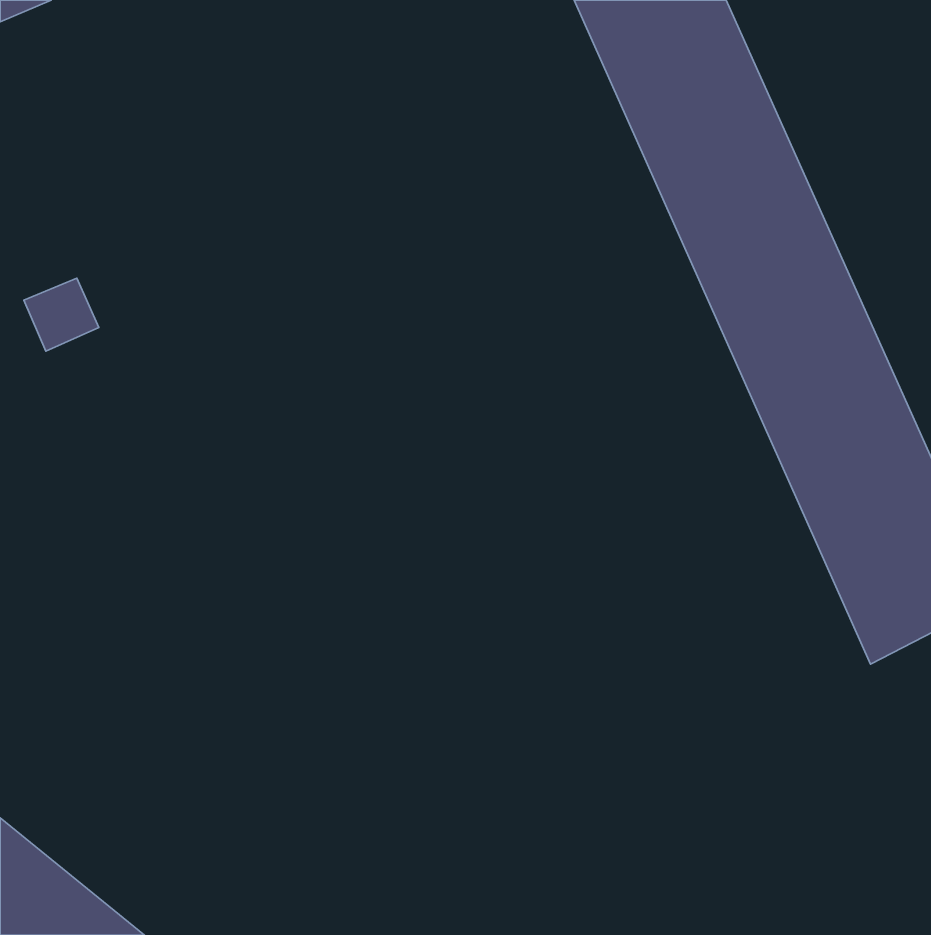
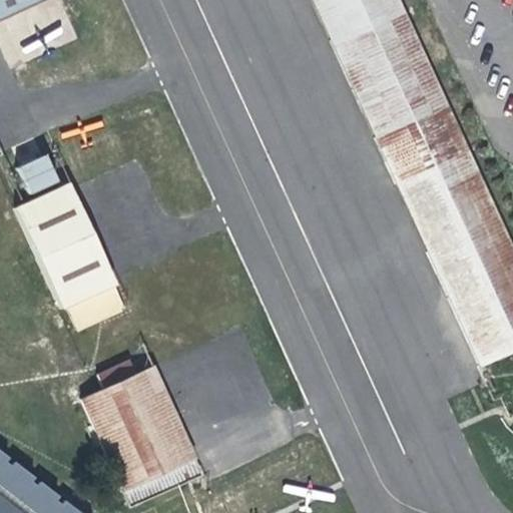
building: none -> [17,180,123,329]
building: none -> [87,368,203,499]

